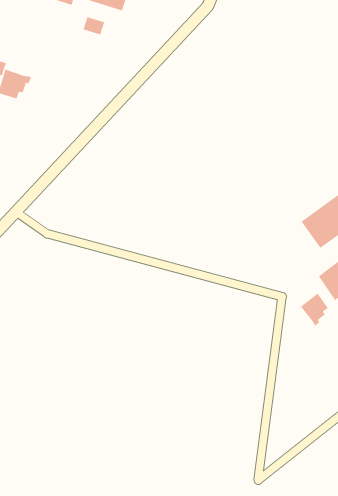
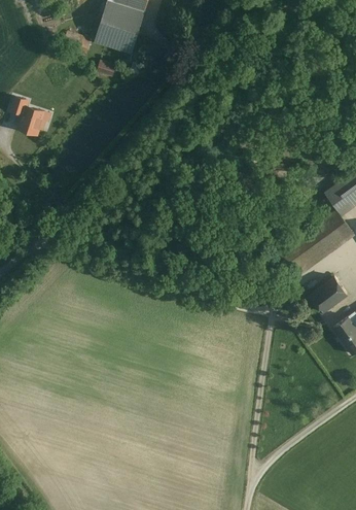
building: [300,293,329,327] -> none

